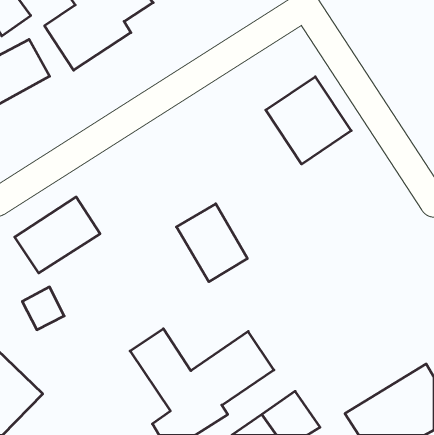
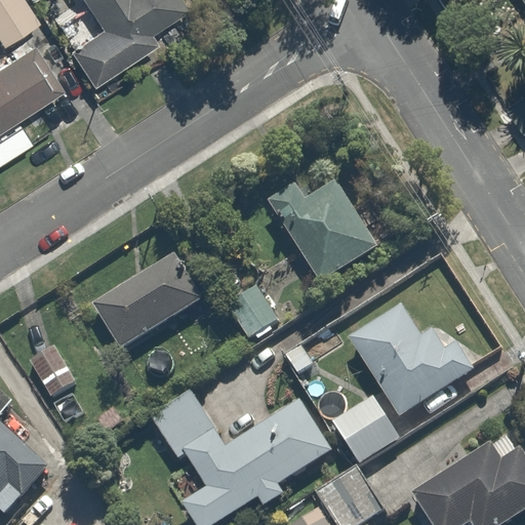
building: [266,77,351,164] -> [280,181,382,286]
building: [15,197,100,273] -> [93,257,196,349]
building: none -> [349,301,482,419]
building: none -> [333,395,392,450]

